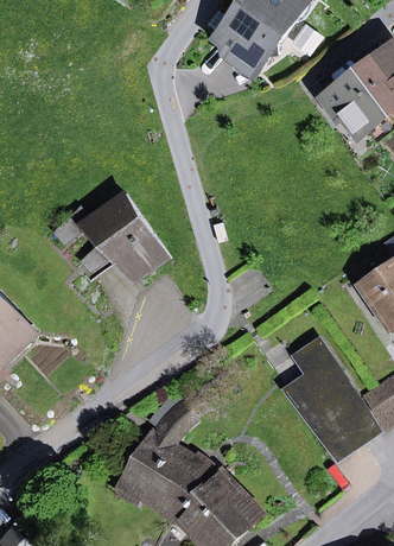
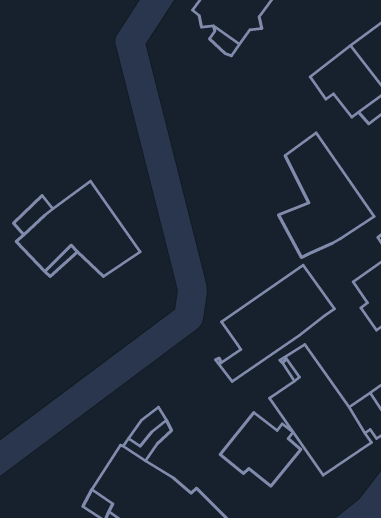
building: none -> [279,133,374,258]
building: none -> [216,265,335,381]
building: none -> [220,413,301,486]

